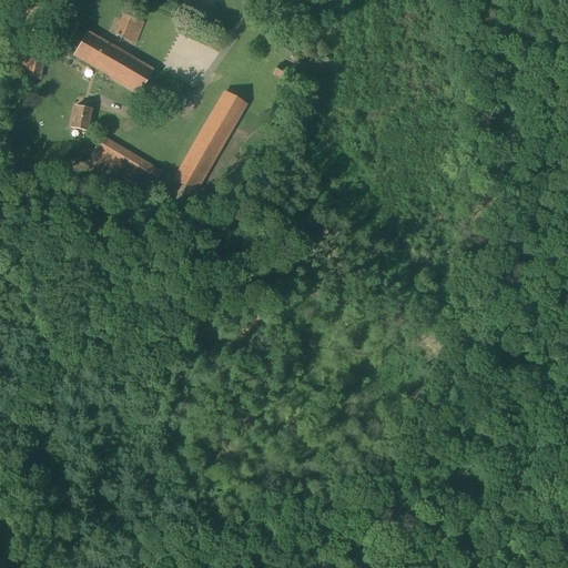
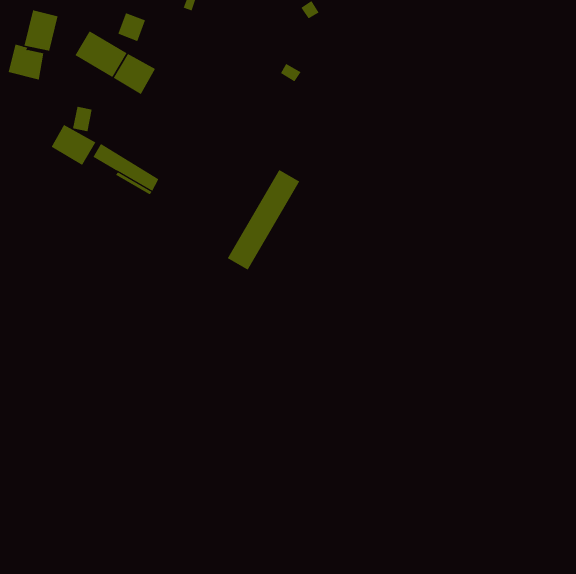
building: none -> [24,9,58,52]
building: [174,91,246,191] -> [227,169,300,271]
building: none -> [51,124,96,166]

